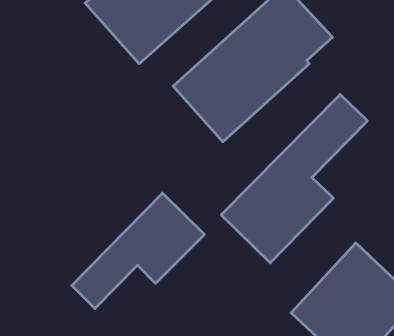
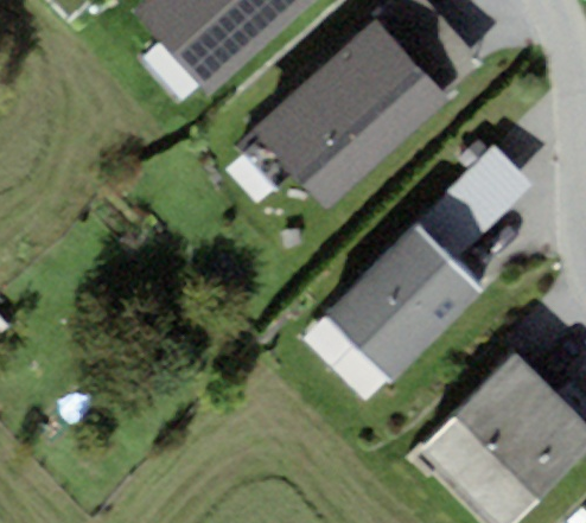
building: [72,193,204,309] -> none

